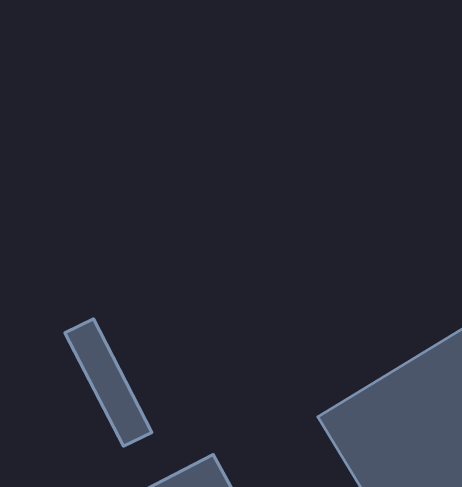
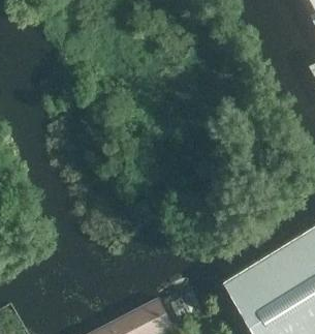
building: [65,319,152,446] -> none

